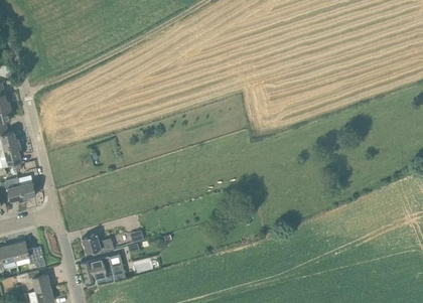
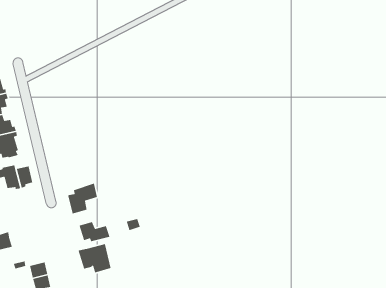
building: none -> [67,183,98,214]
building: [12,241,45,268] -> none

